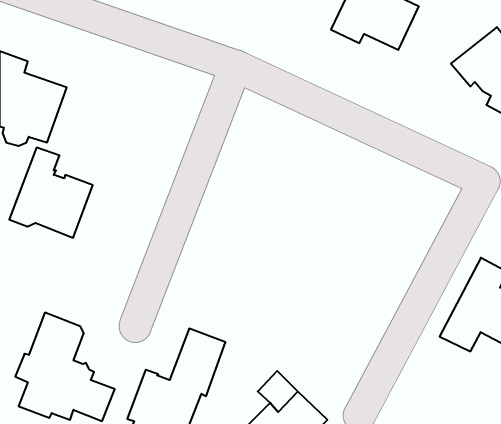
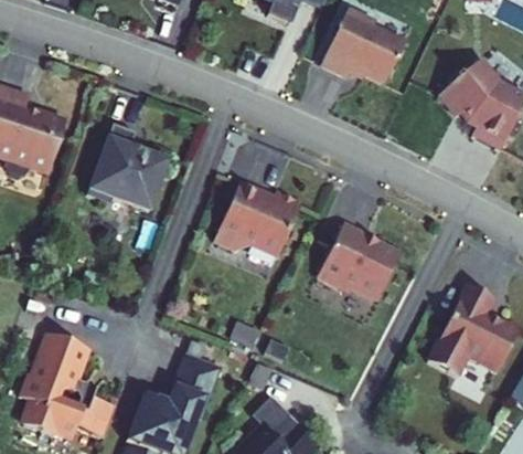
building: [9,148,93,238] -> [87,123,168,210]
building: none -> [215,179,303,255]
building: none -> [314,220,399,296]

